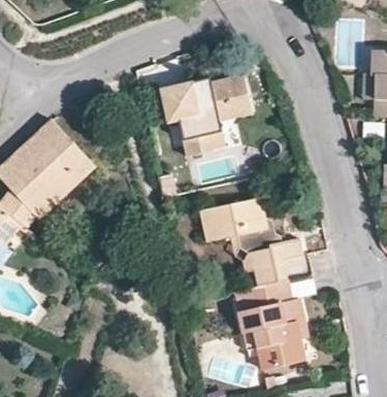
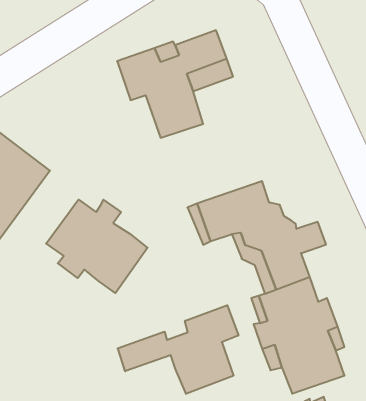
building: none -> [46,200,148,293]
building: none -> [118,305,238,394]

